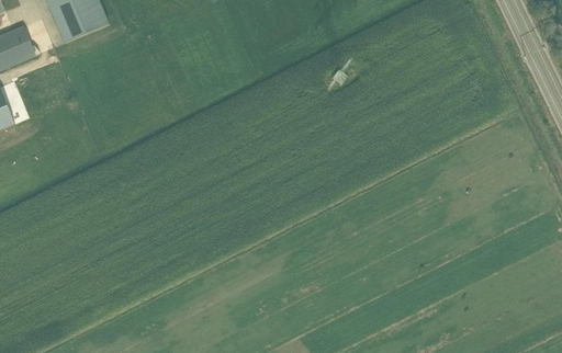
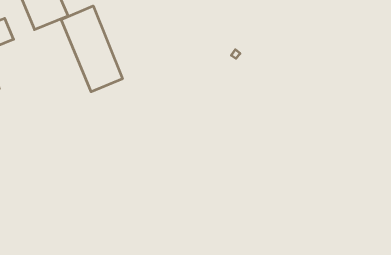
building: none -> [61,6,122,92]

